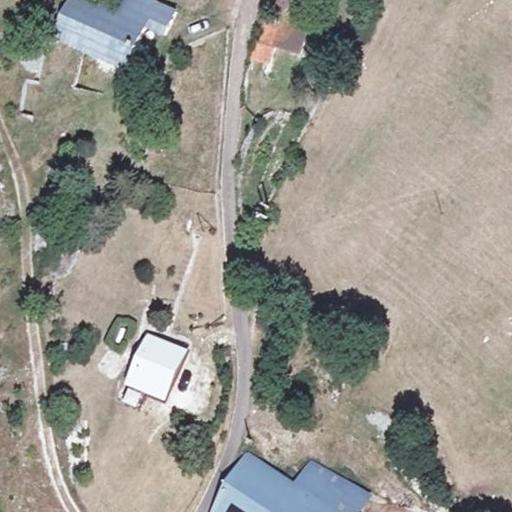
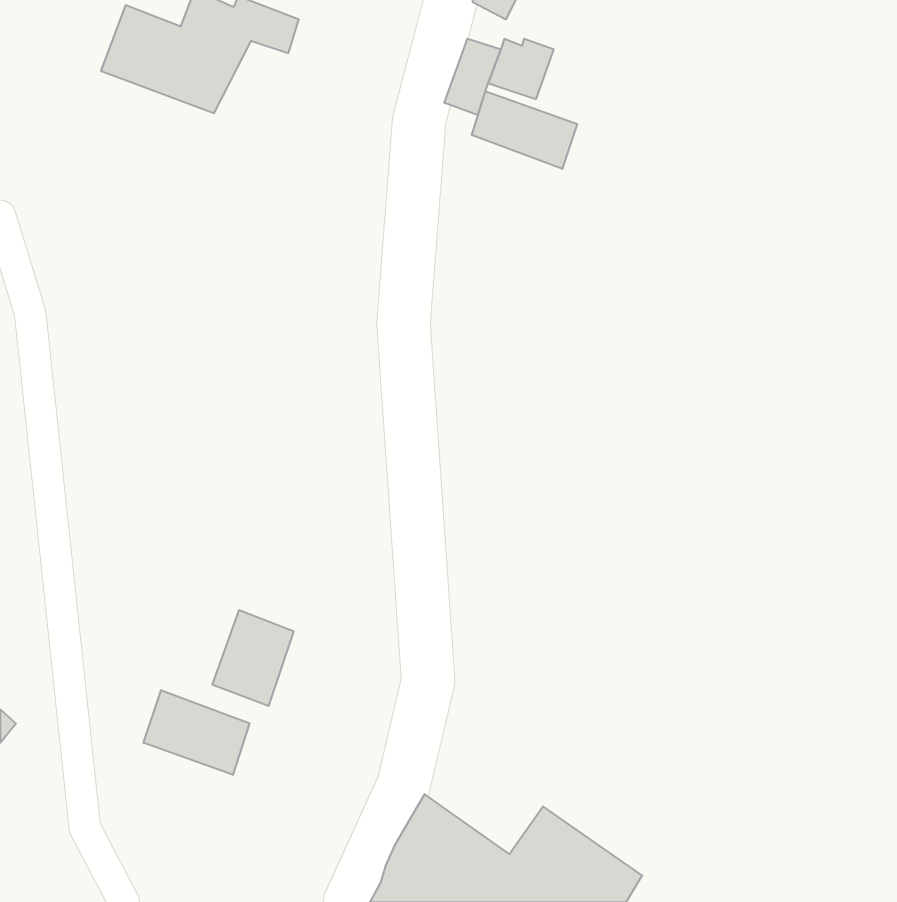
building: none -> [472,91,577,169]
building: none -> [143,690,249,775]

